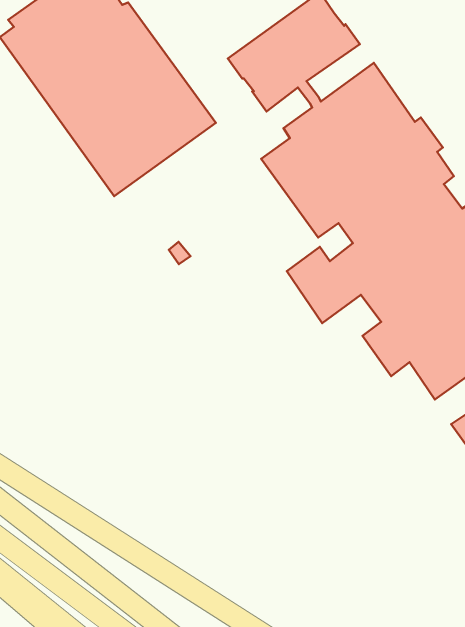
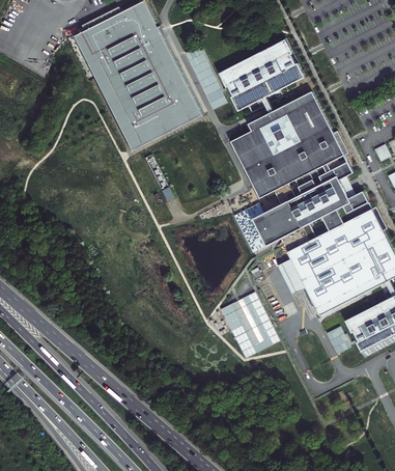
building: none -> [219,290,278,358]

